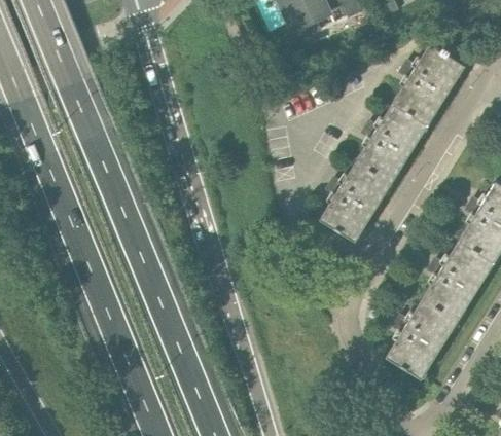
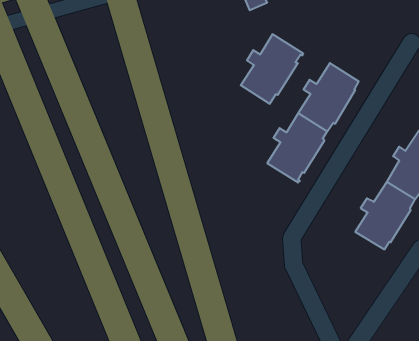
building: [393,41,466,122] -> [241,34,303,104]
building: [387,298,457,378] -> none

